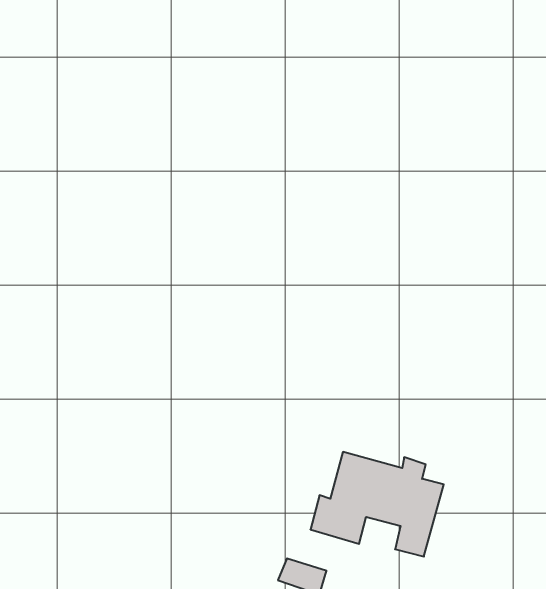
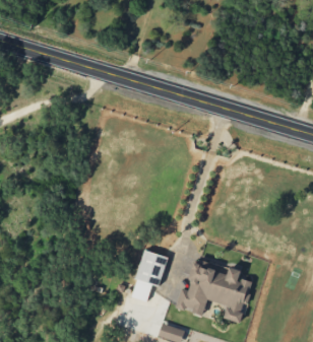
building: none -> [131,250,169,300]

